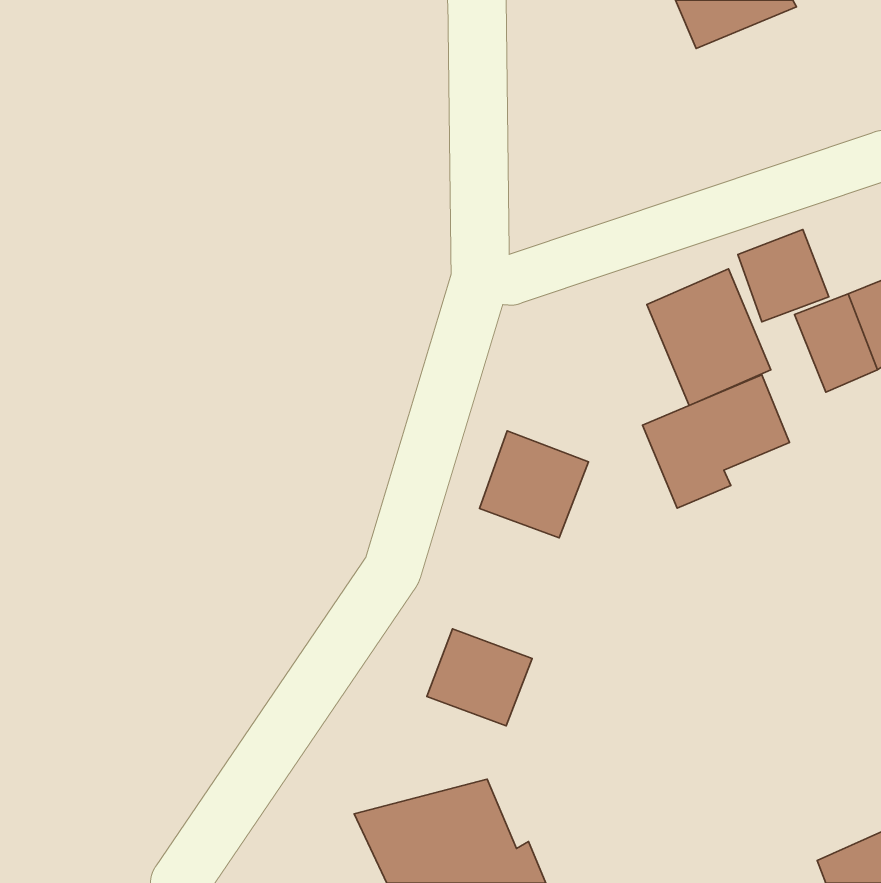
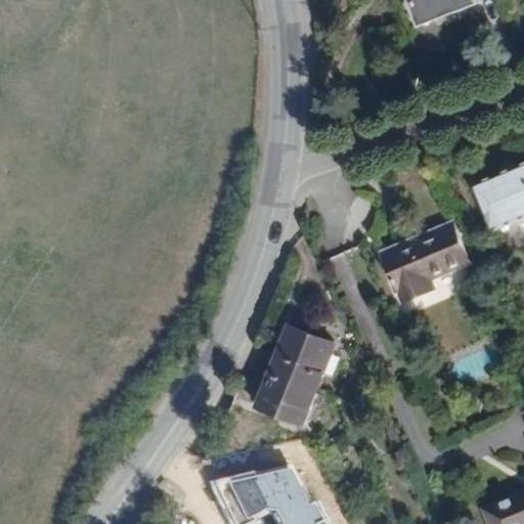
building: [738,229,829,322] -> none
building: [647,269,771,405] -> none
building: [480,431,588,538] -> [269,326,334,390]

